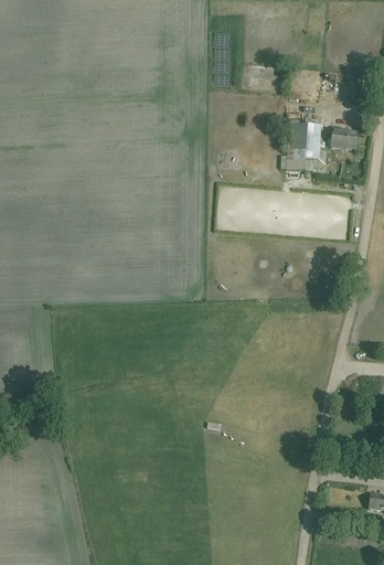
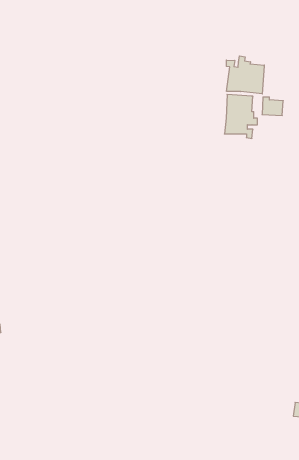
building: none -> [226,56,264,94]

